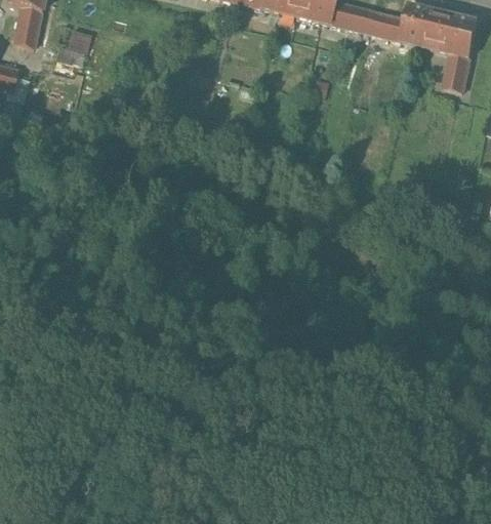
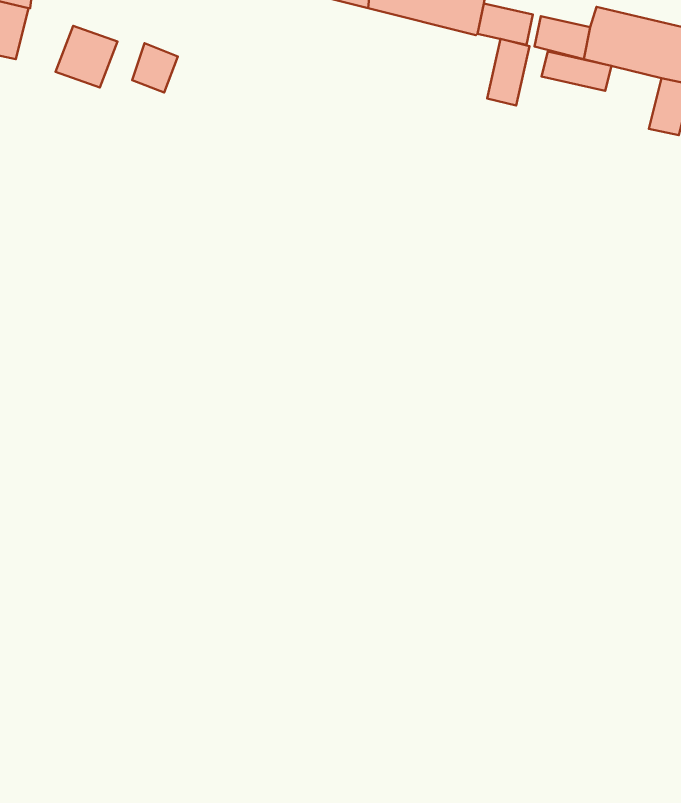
building: none -> [487,39,530,106]
building: none -> [132,43,178,93]
building: none -> [541,51,611,91]

